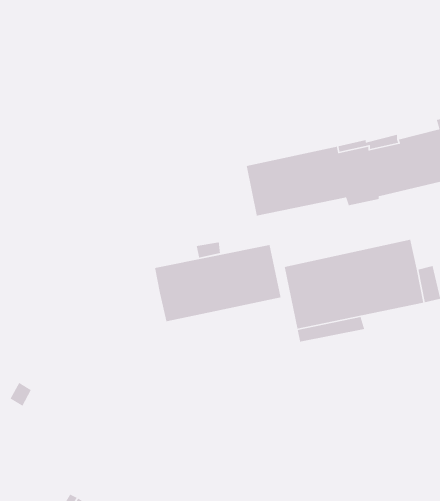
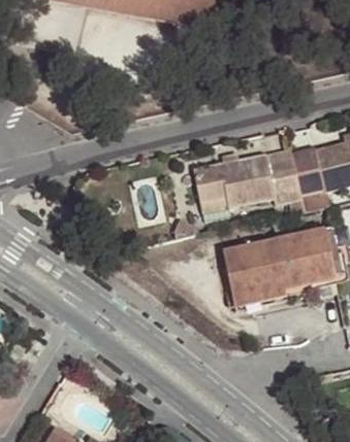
building: [154,244,281,322] -> none

